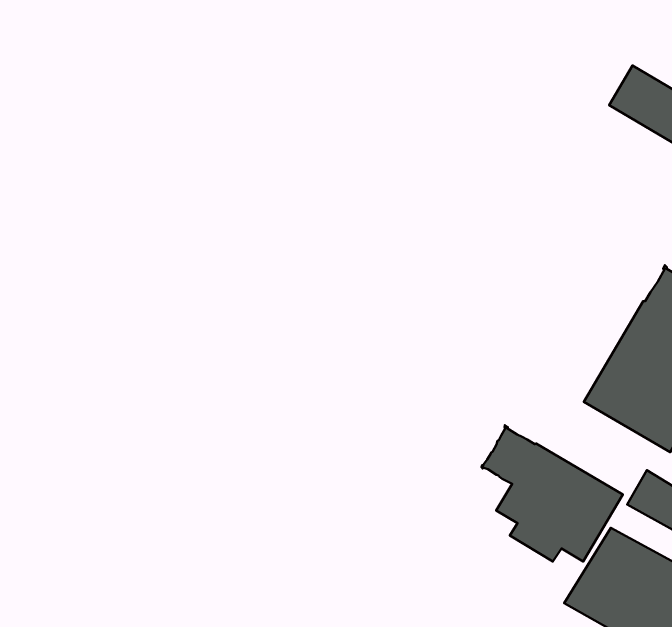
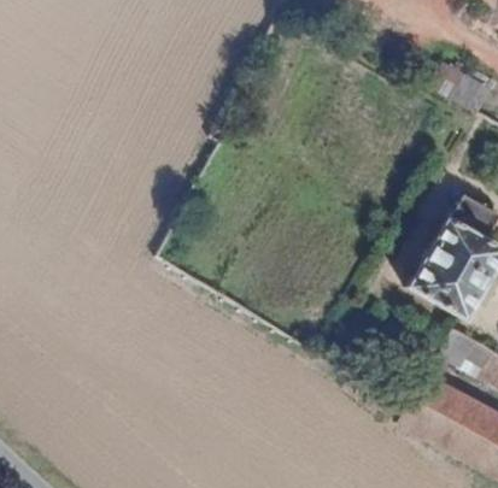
building: [482,425,623,561] -> none

